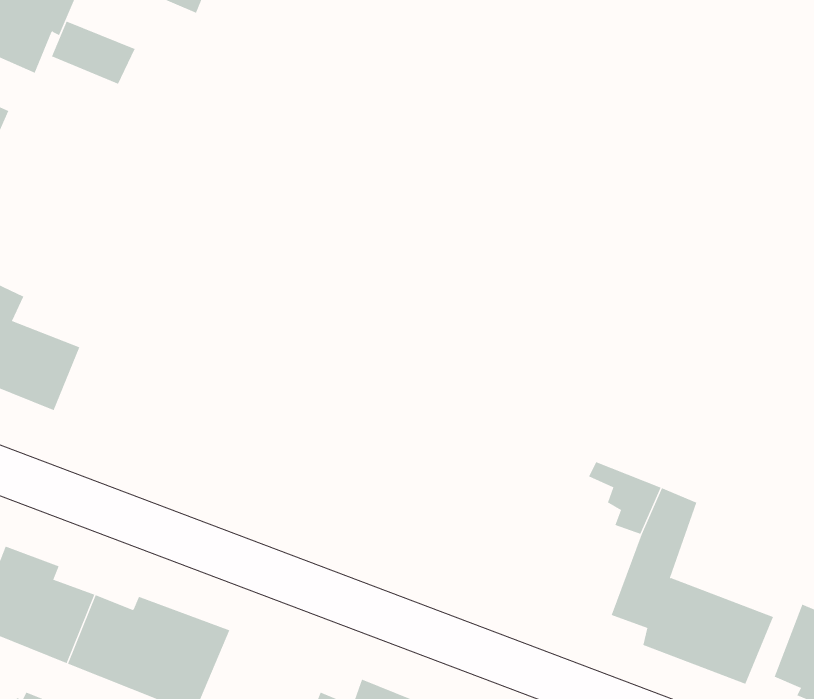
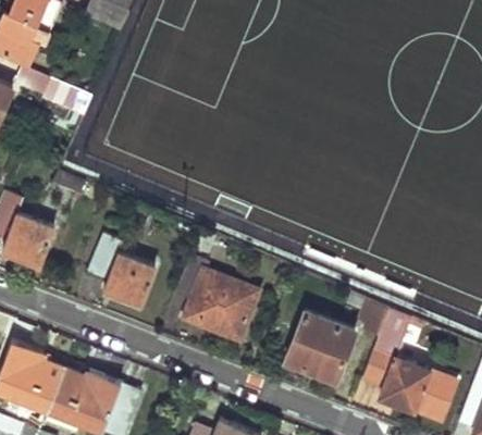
building: [51,21,135,85] -> [41,79,90,116]
building: none -> [87,232,156,303]
building: none -> [177,253,259,337]
building: none -> [284,308,355,377]

